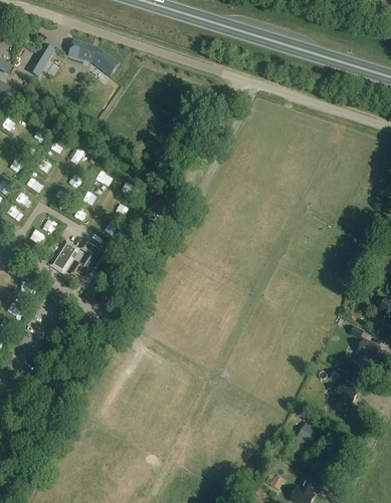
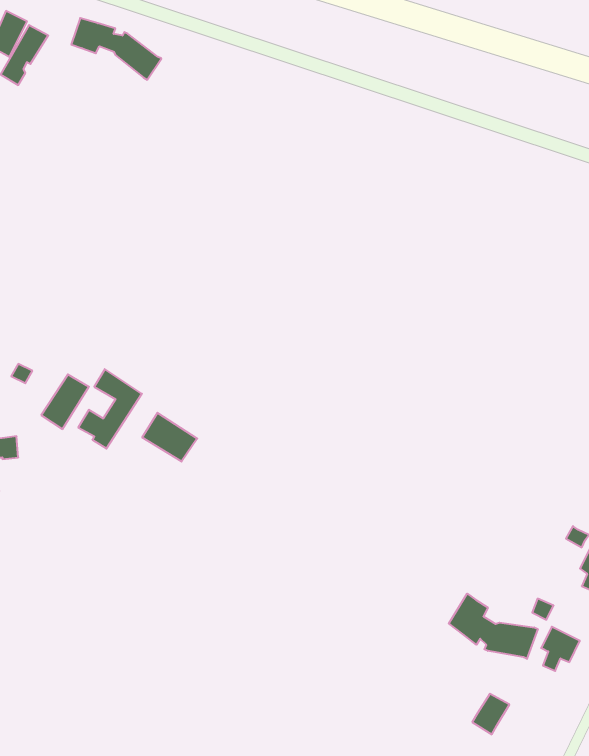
building: none -> [142,413,197,462]
building: none -> [449,594,538,659]

